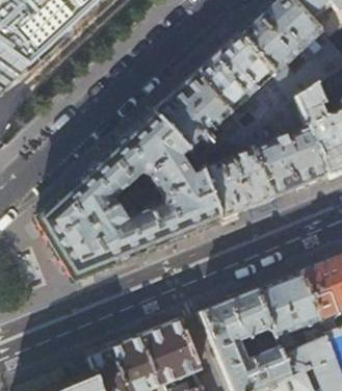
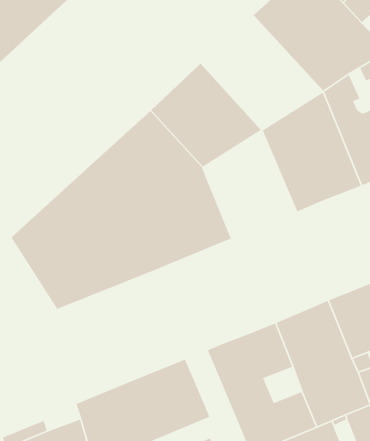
building: [194,34,296,130] -> none
building: [201,150,274,220] -> none

